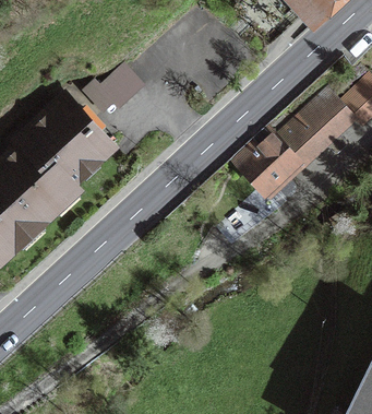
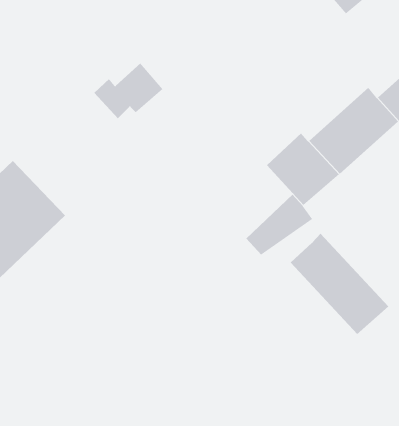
building: [14,92,121,199] -> none
building: none -> [290,233,389,335]

